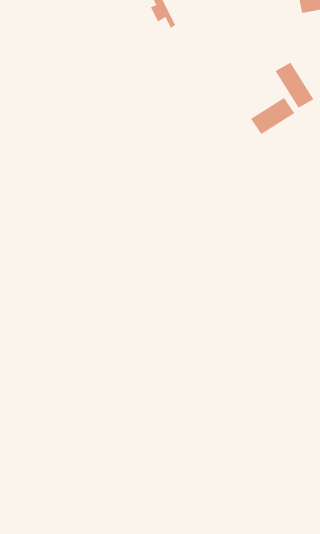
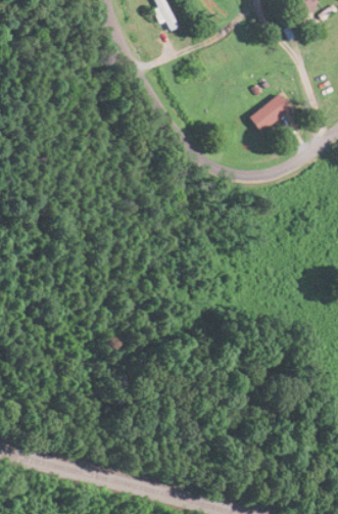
building: [275,62,314,109] -> none

